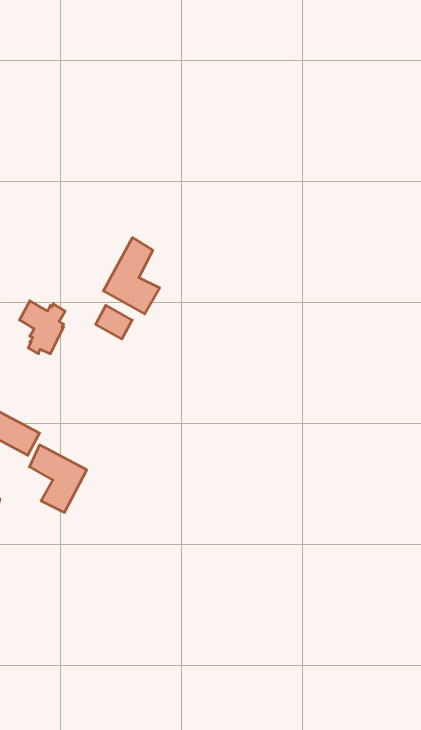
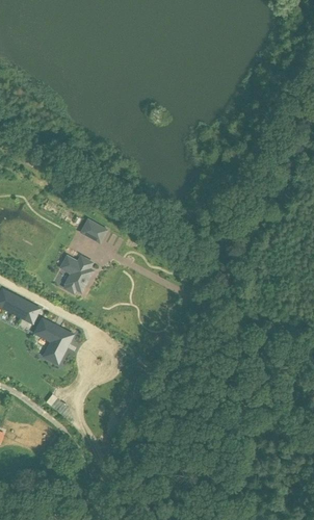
building: [103,238,160,314] -> none
building: [19,301,65,354] -> [58,254,90,291]

